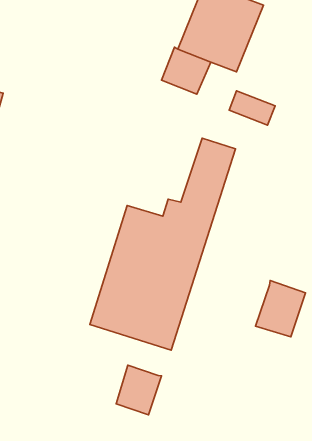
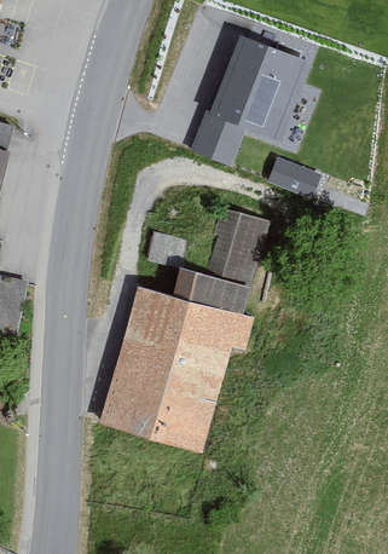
building: [255,280,306,337] -> none
building: [116,365,162,415] -> none

